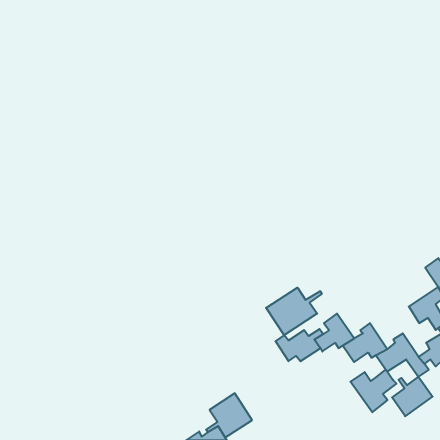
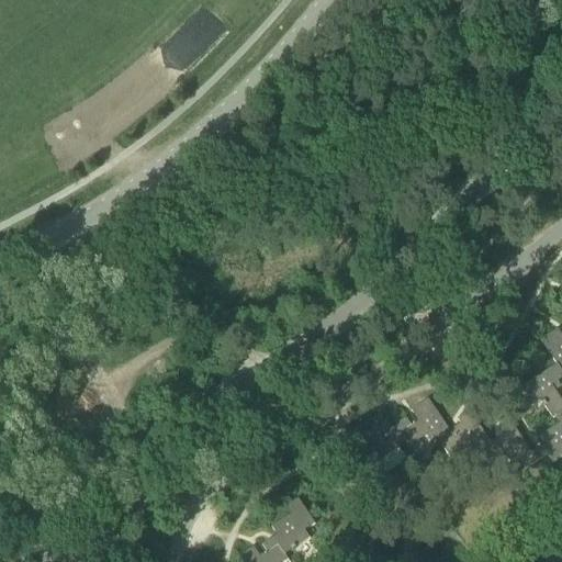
building: [266,288,322,335] -> none
building: [350,370,396,412] -> none
building: [392,377,433,416] -> none

